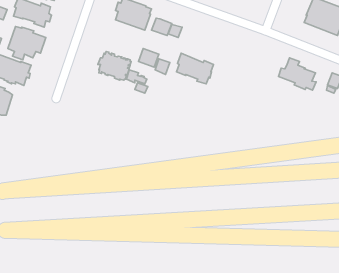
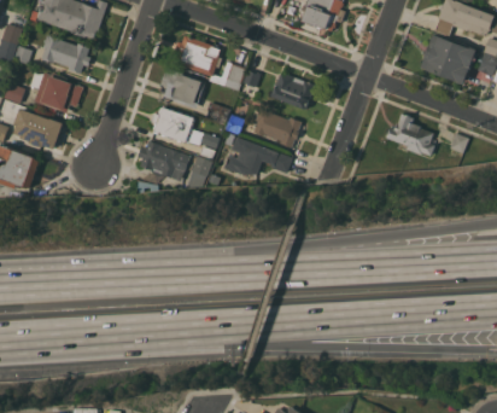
building: none -> [157,68,205,109]
building: none -> [271,72,315,110]
building: none -> [224,138,293,175]
building: none -> [138,140,212,187]

